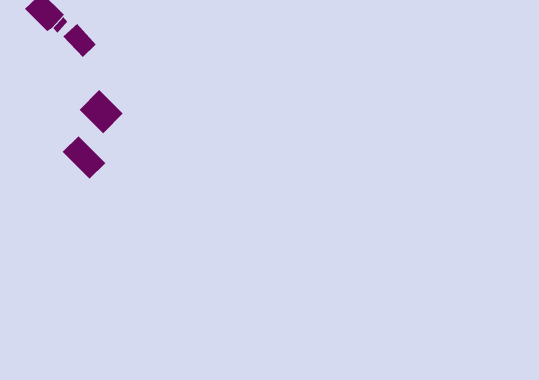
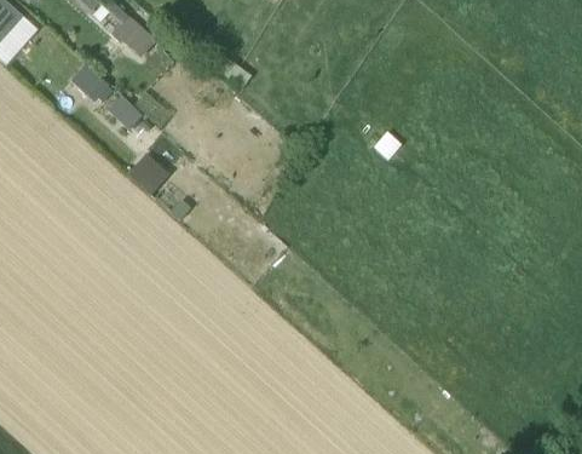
building: [62,135,106,179] -> none

